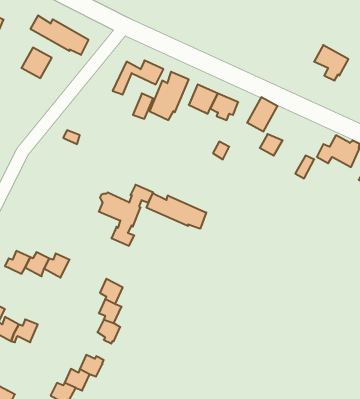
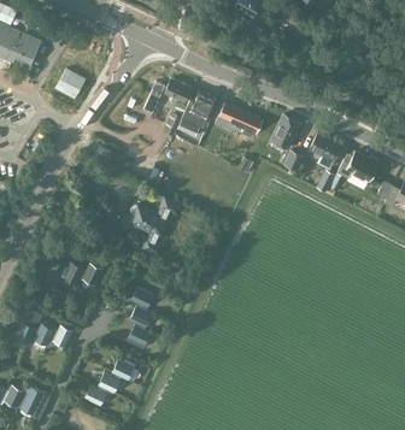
building: [31,15,88,55] -> none
building: [314,45,348,81] -> [310,132,342,166]
building: [147,193,206,229] -> none

